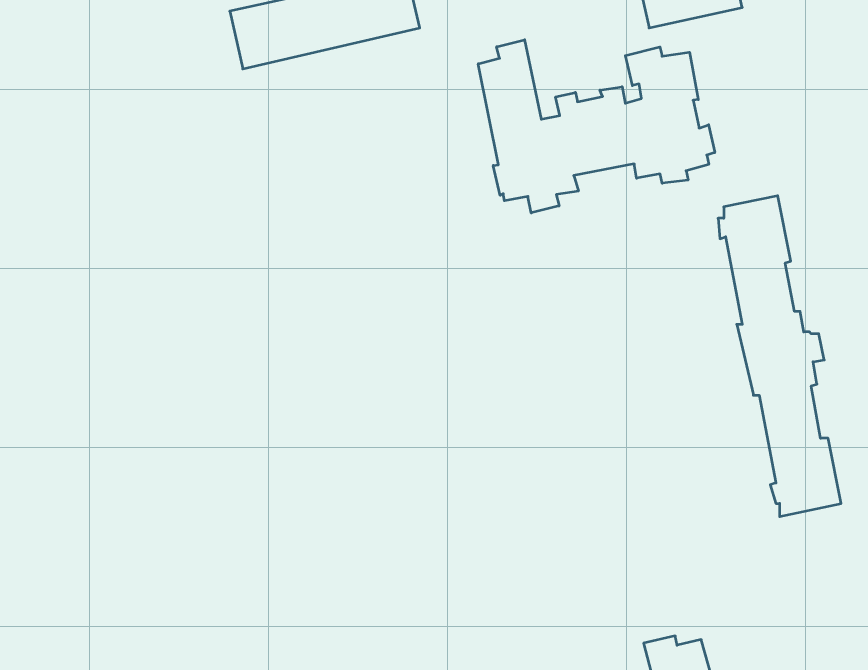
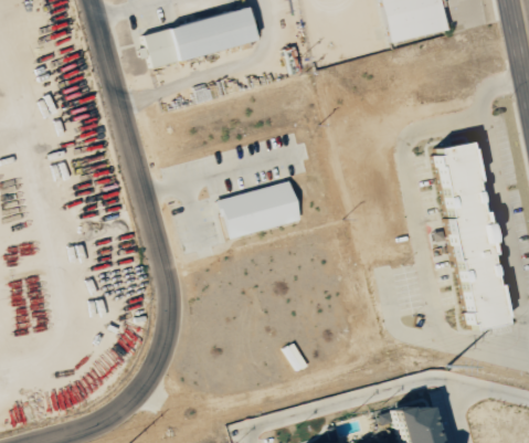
building: [478,40,715,213] -> none
building: none -> [224,181,305,238]

